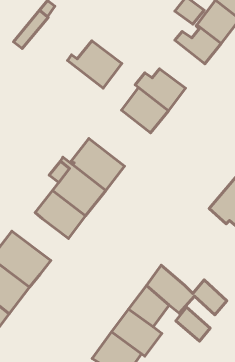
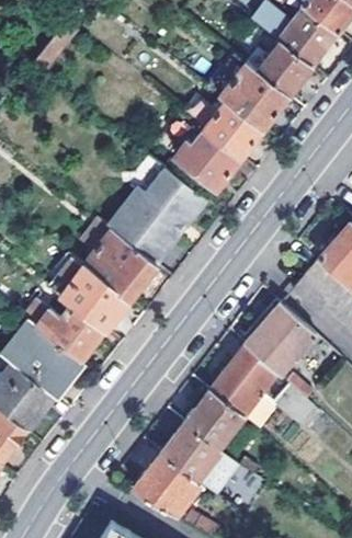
building: none -> [224,61,291,126]
building: [67,41,122,88] -> [134,168,207,231]
building: none -> [24,302,106,358]
building: none -> [256,302,317,366]
building: [176,307,210,341] -> [231,346,277,392]

